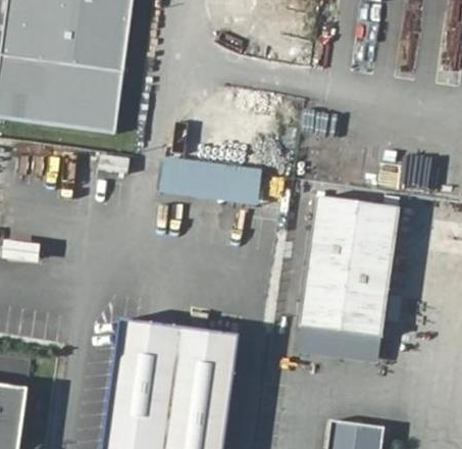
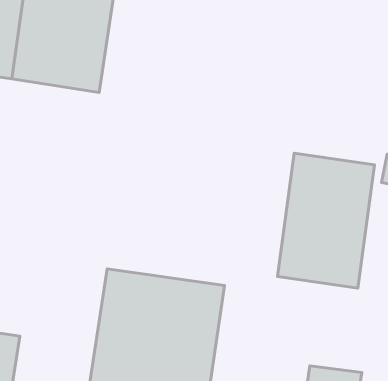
building: [156,158,262,206] -> none
building: [295,327,382,364] -> none

